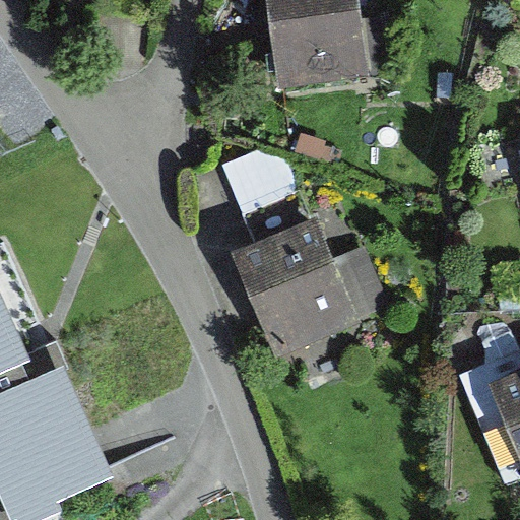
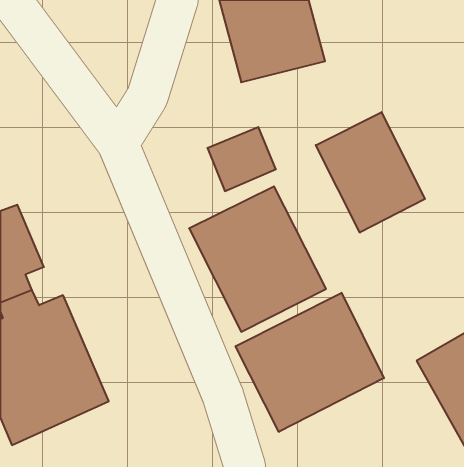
building: none -> [316,112,425,233]
building: none -> [236,293,384,432]

